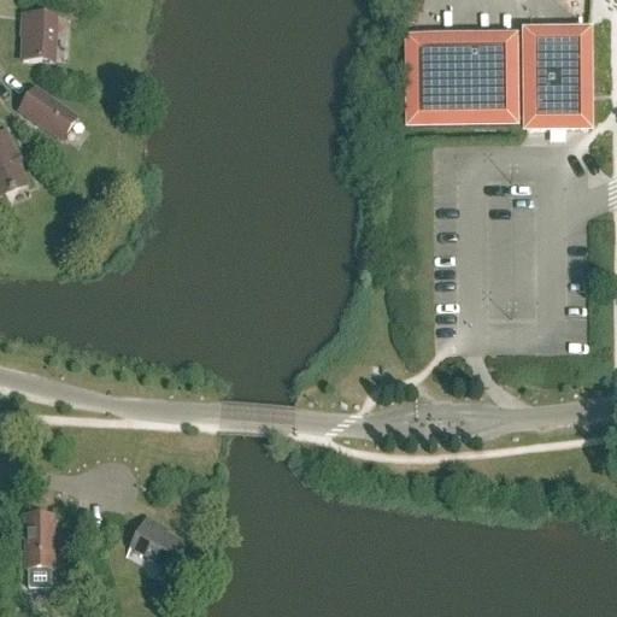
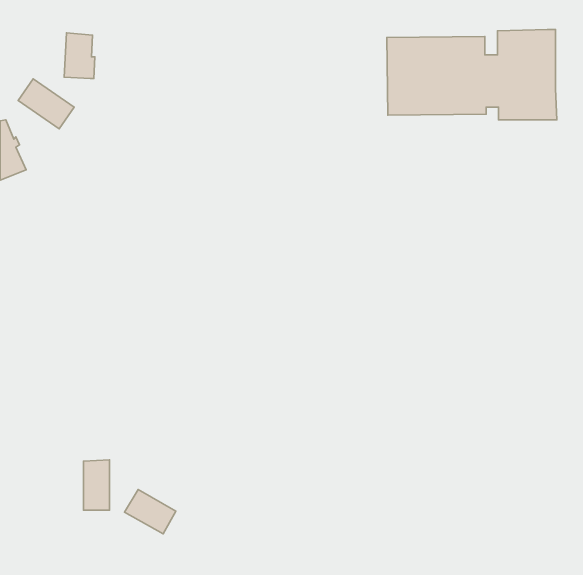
building: [23,10,55,58] -> [64,33,95,78]
building: [25,511,53,564] -> [83,460,110,510]

